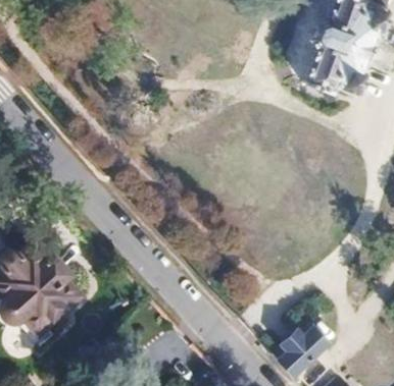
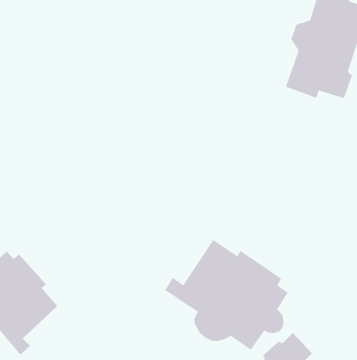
building: none -> [164,239,288,351]

